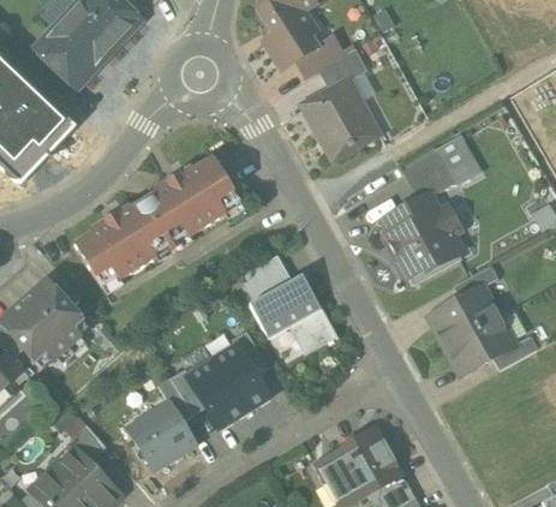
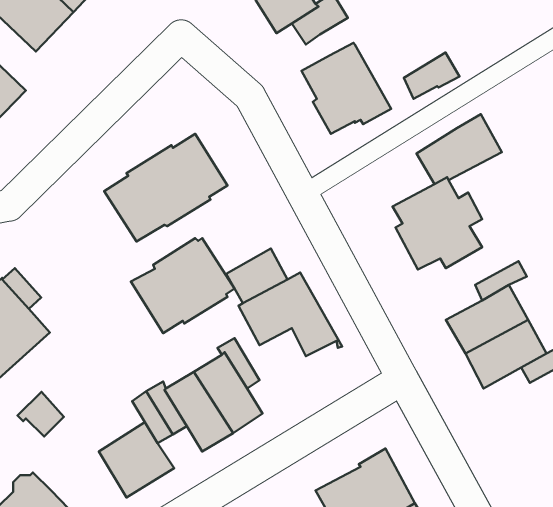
building: [319,49,367,89] -> [404,53,460,99]
building: [73,205,162,287] -> [131,238,234,333]
building: [66,424,106,463] -> [18,392,64,437]

